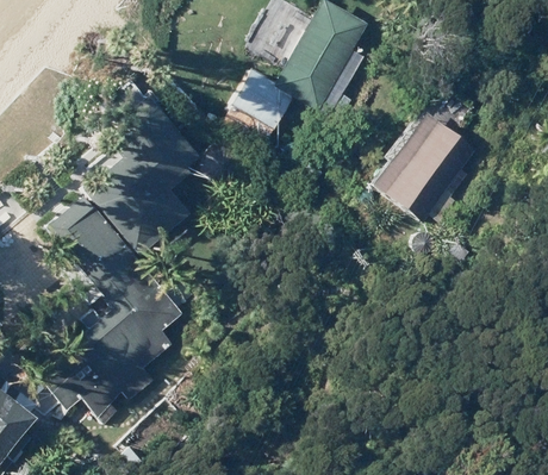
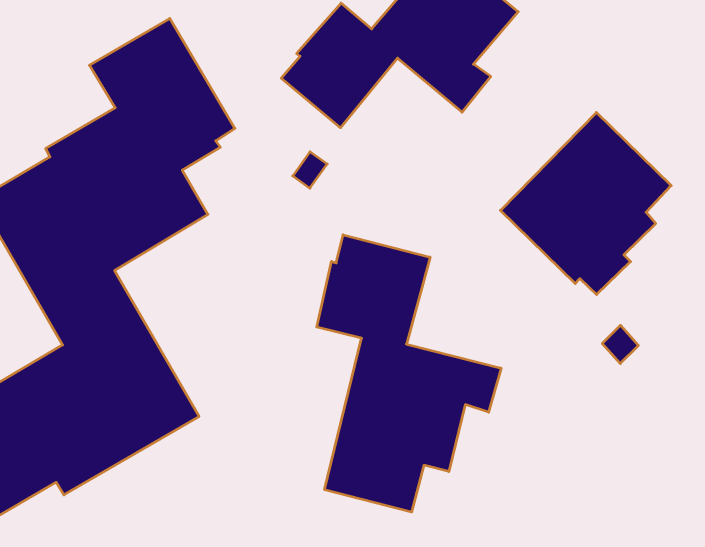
building: none -> [317,235,501,512]

